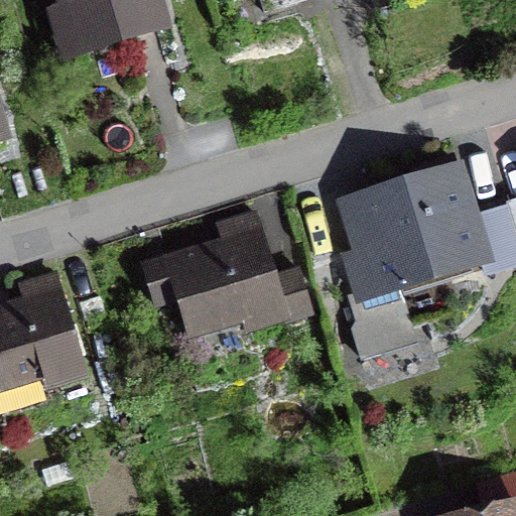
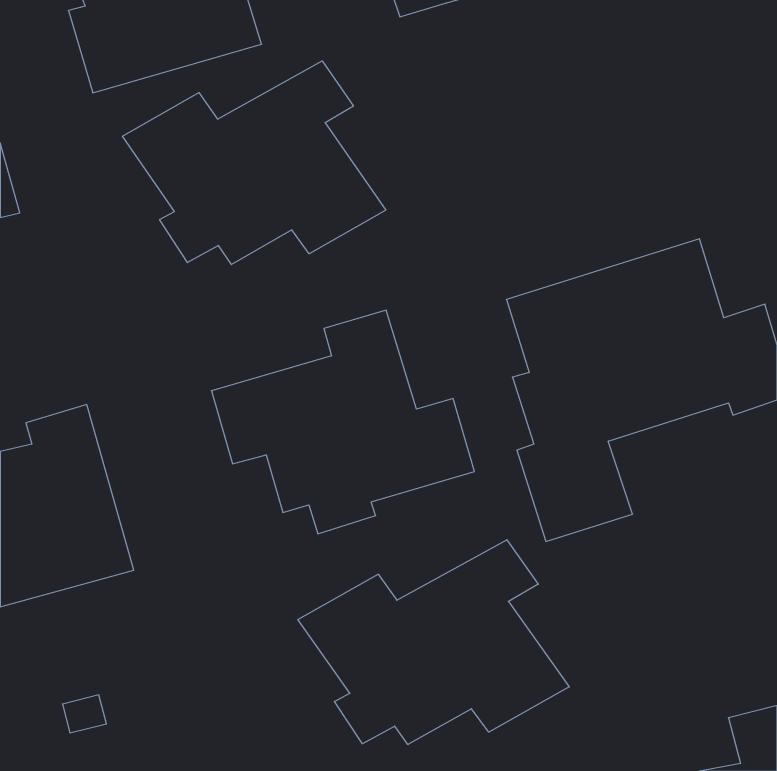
building: none -> [122,61,386,265]
building: none -> [298,540,569,745]

